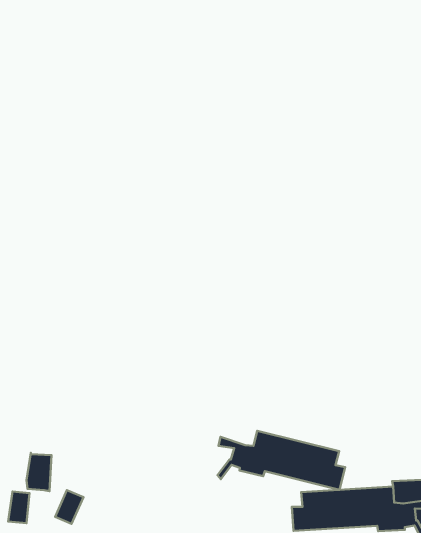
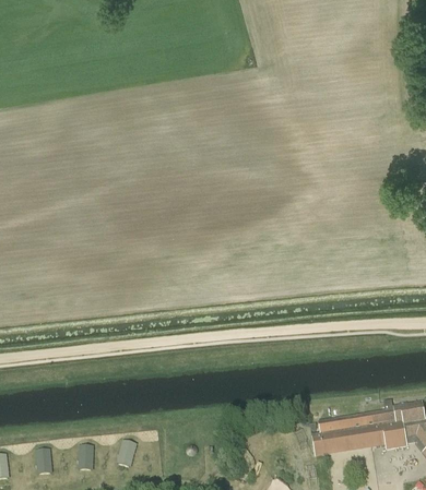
building: [217,431,345,490] -> none
building: [27,453,52,491] -> none

